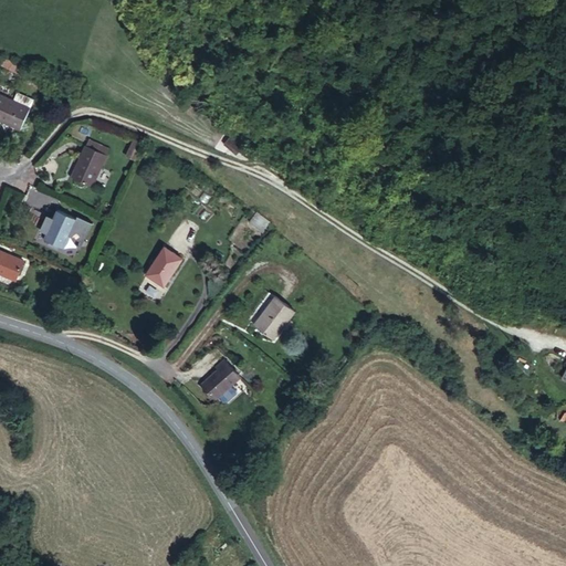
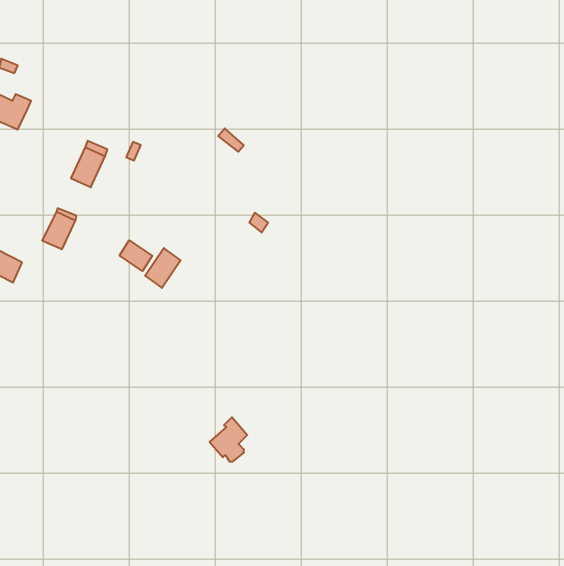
building: none -> [120,240,152,271]
building: [253,297,293,340] -> none
building: [201,359,239,403] -> [210,417,247,462]

